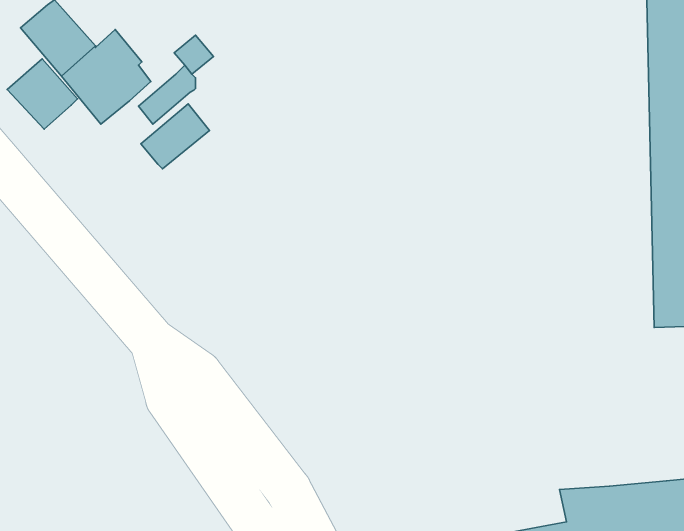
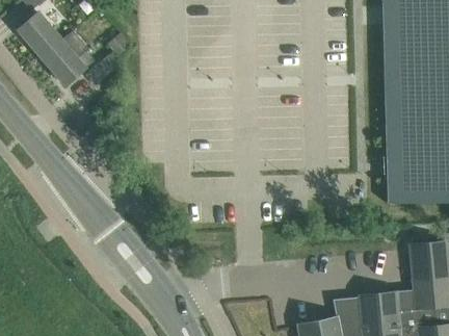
building: [7,59,77,129] -> none
building: [141,104,209,169] -> none

